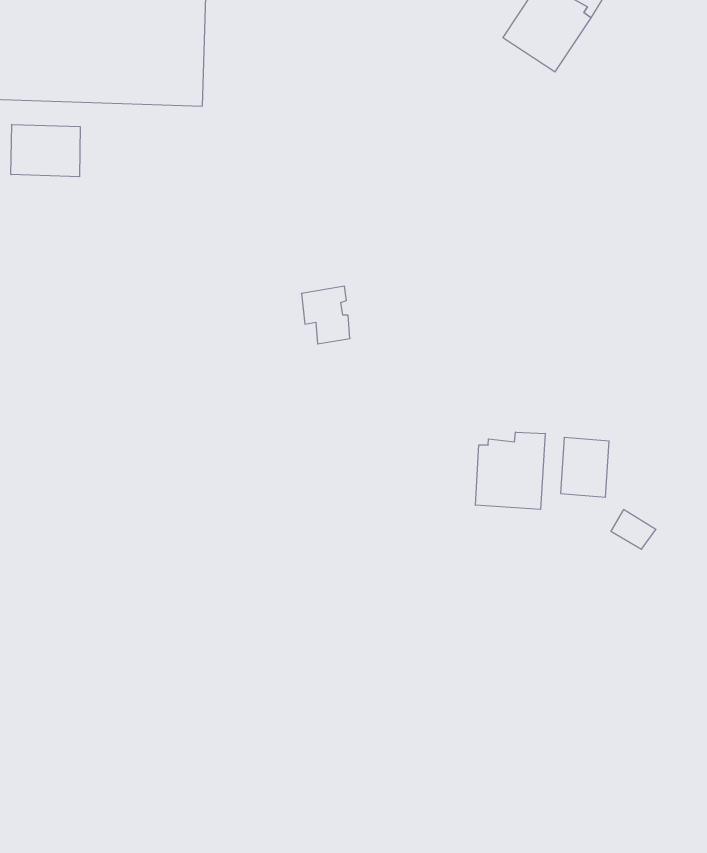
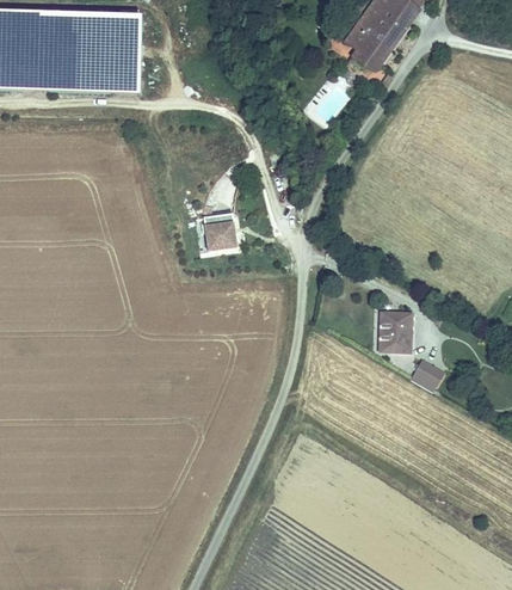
building: [11,124,80,177] -> none
building: [475,432,545,509] -> none

